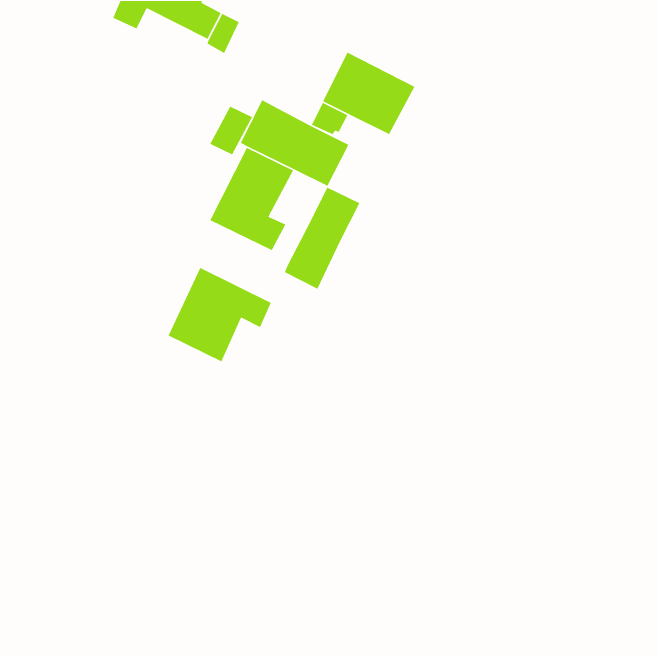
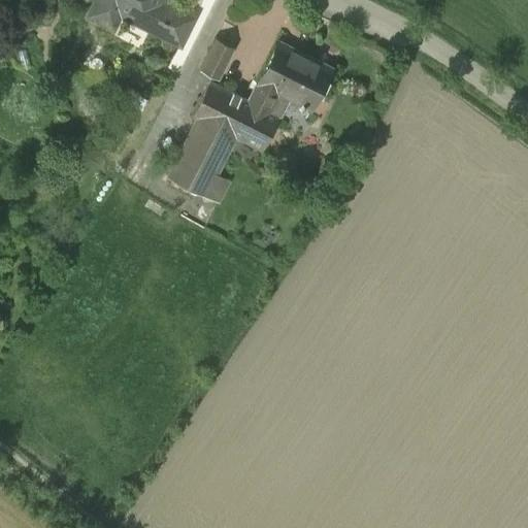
building: [209,105,253,156] -> [200,40,235,80]
building: [284,186,360,290] -> none
building: [168,267,272,363] -> none

